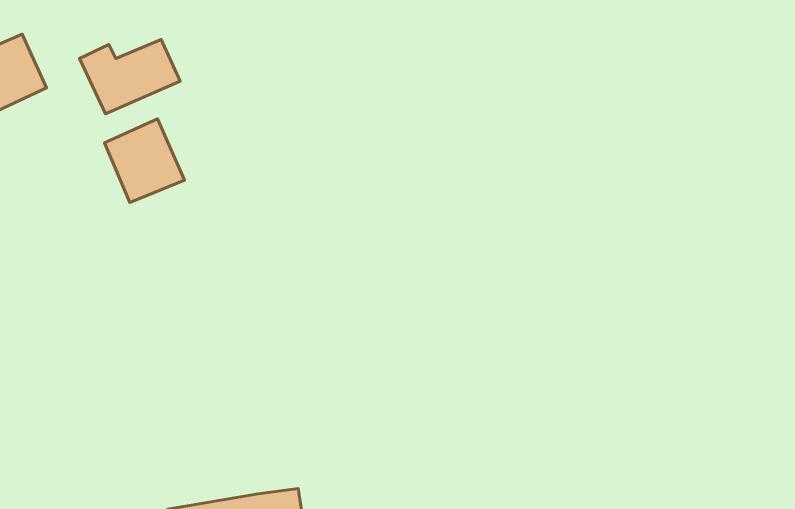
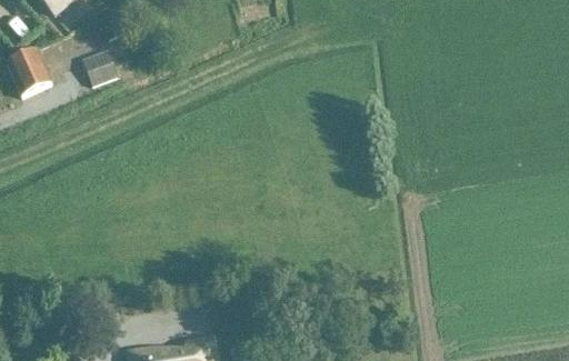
building: [104,119,184,203] -> none

